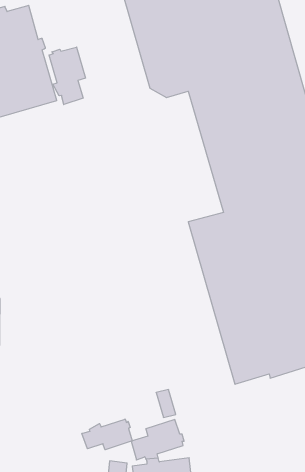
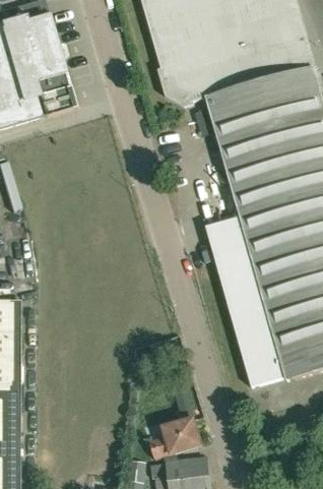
building: [49,47,86,105] -> none
building: [82,419,132,450] -> none

